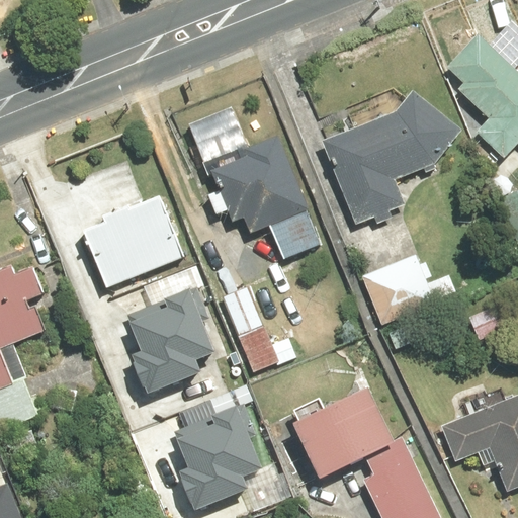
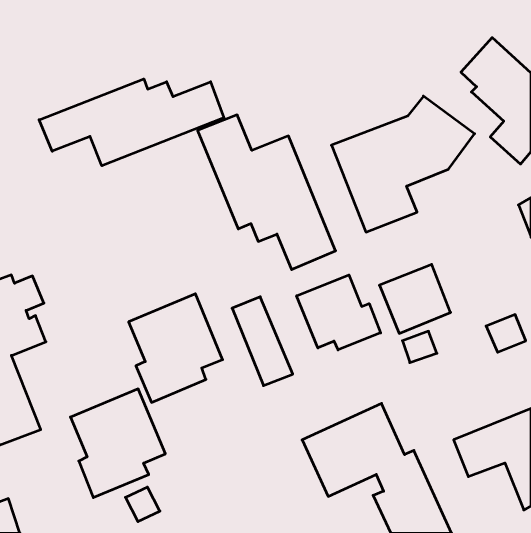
building: none -> [39,79,224,166]
building: [83,200,183,289] -> none
building: none -> [297,275,381,350]
building: [170,400,262,505] -> [70,389,165,498]

